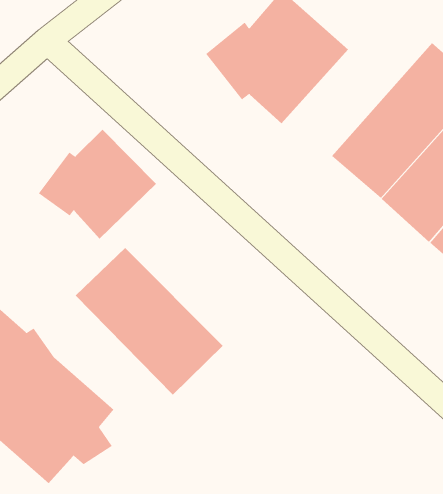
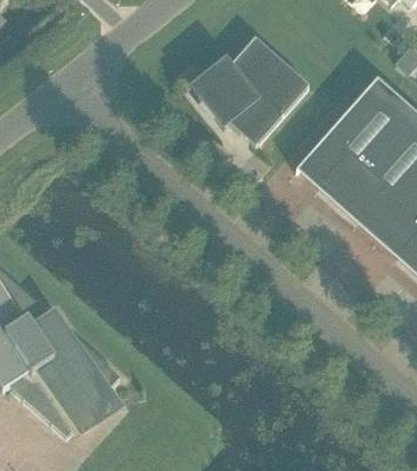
building: [38,129,157,240] -> none
building: [75,247,223,395] -> none

